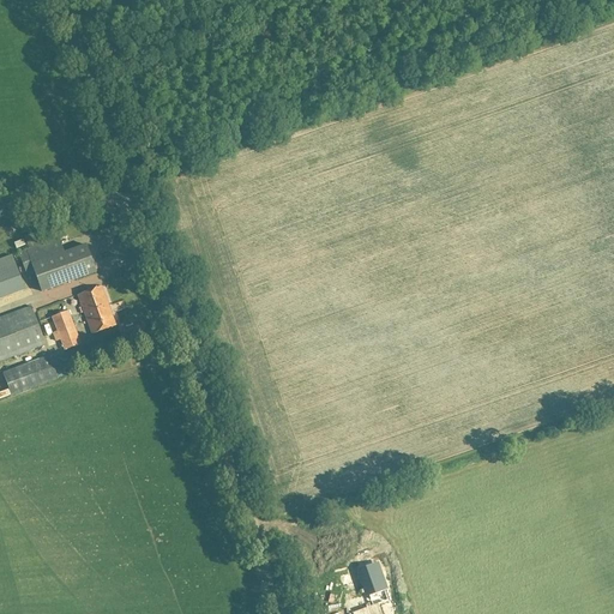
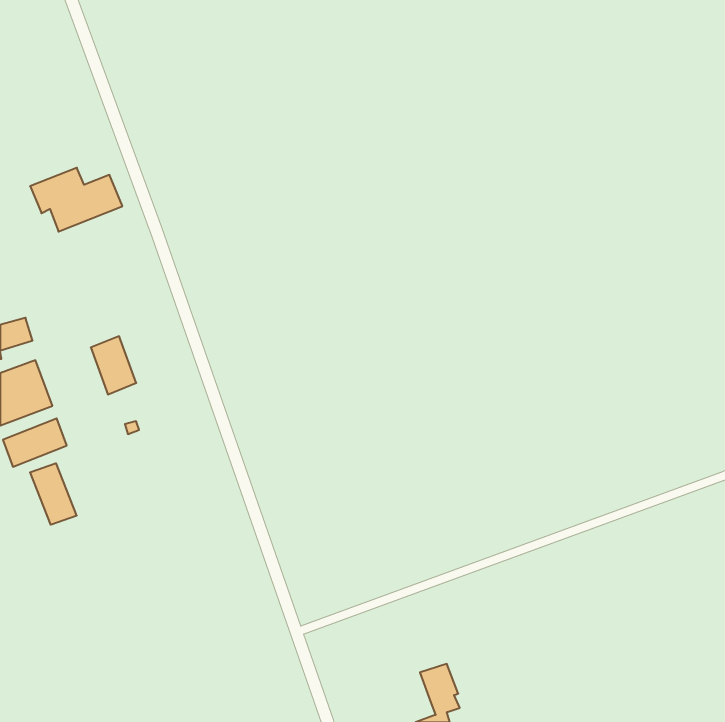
building: [18,236,96,290] -> [30,168,122,232]
building: [50,309,80,349] -> none
building: none -> [30,463,77,525]

